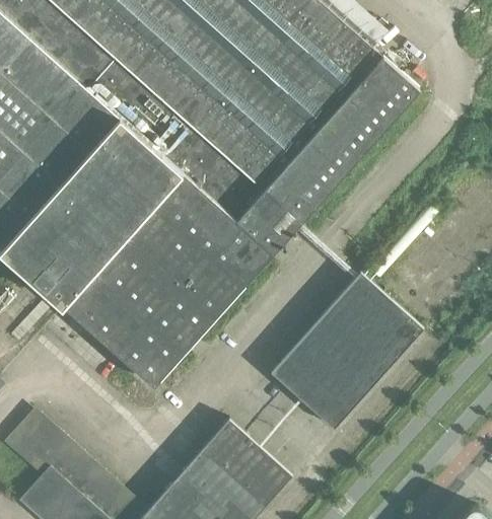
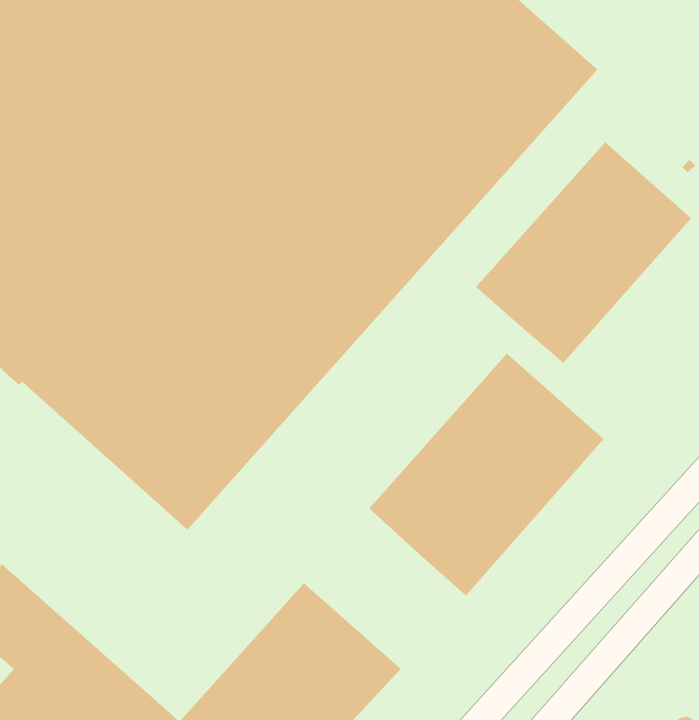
building: none -> [475,141,692,364]

